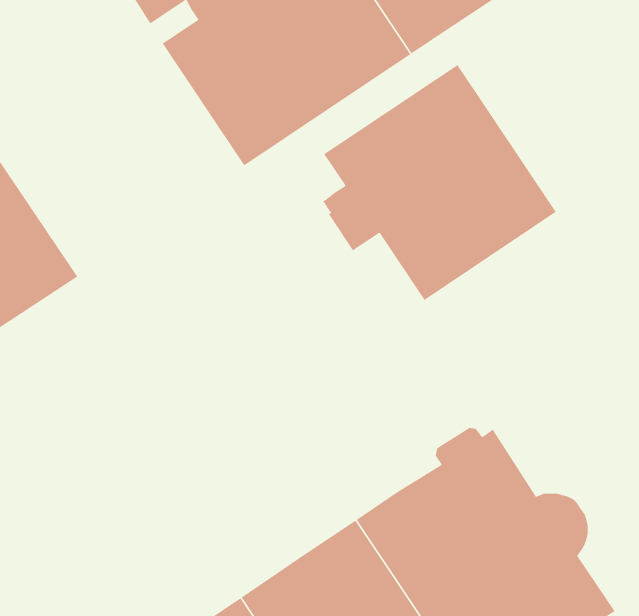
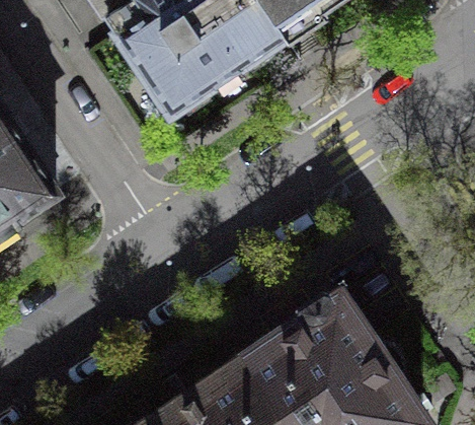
building: [322,64,557,301] -> none

